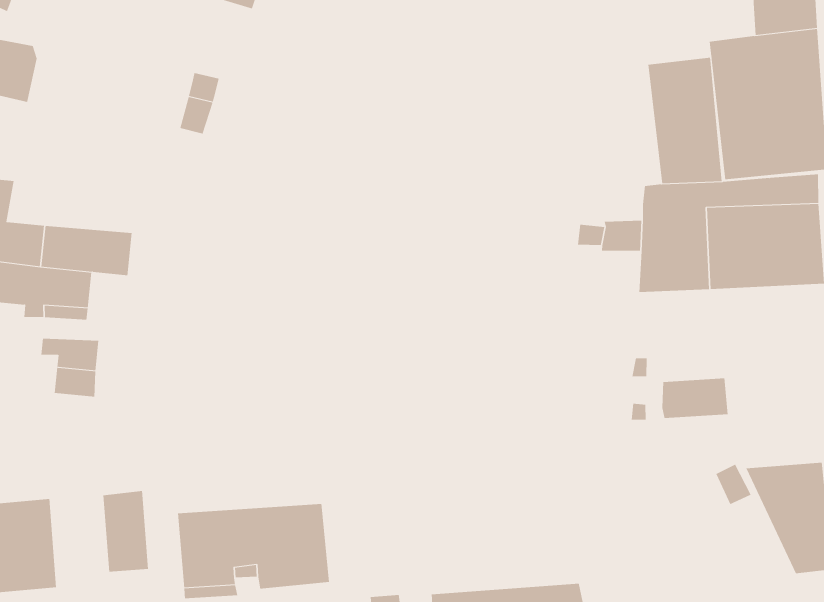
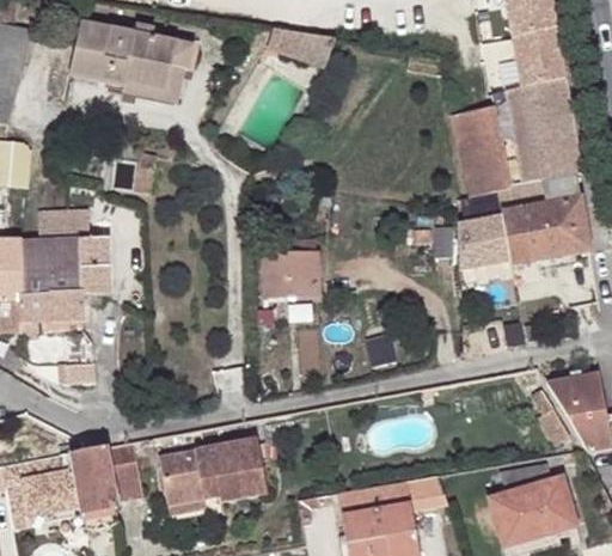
building: none -> [20,207,108,267]
building: none -> [263,238,318,294]
building: none -> [69,448,117,515]

